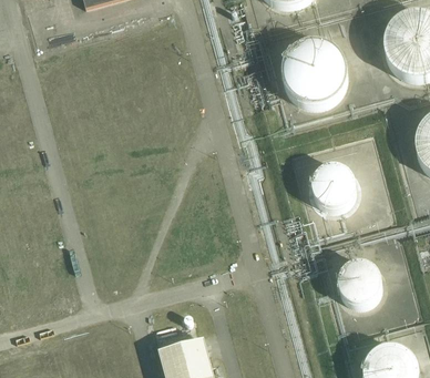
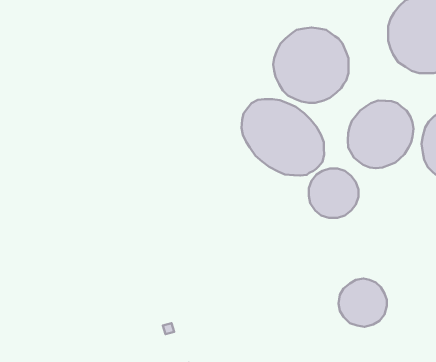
building: none -> [241,99,324,176]
building: none -> [348,101,413,168]

